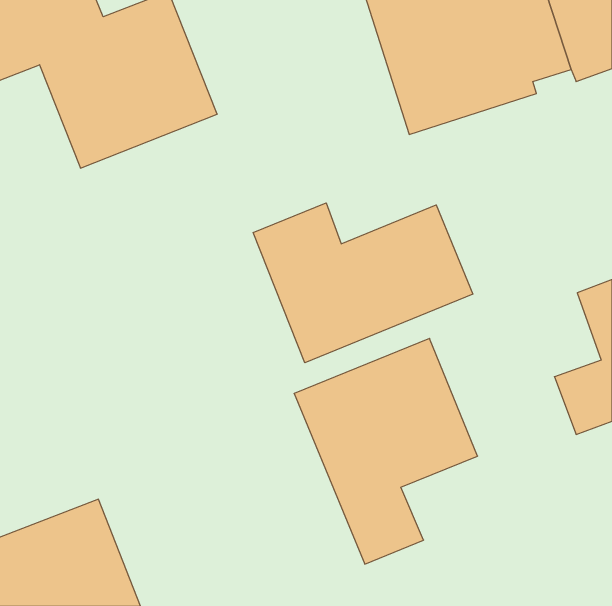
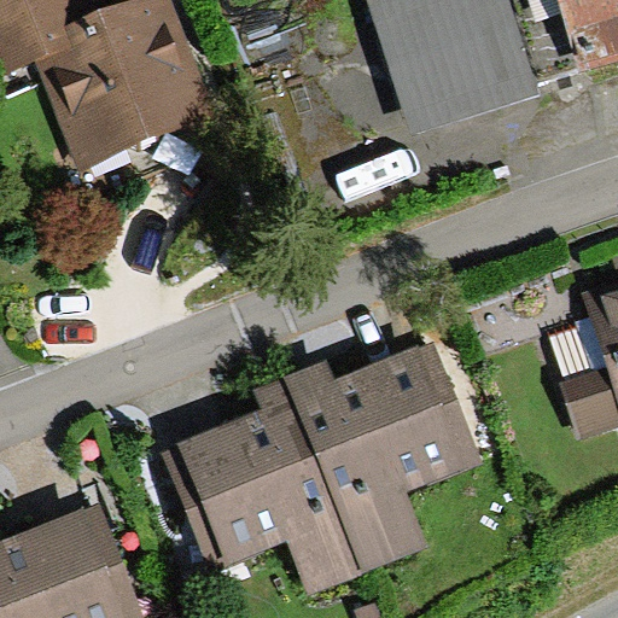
building: [253,203,473,363] -> none
building: none -> [159,396,367,591]

